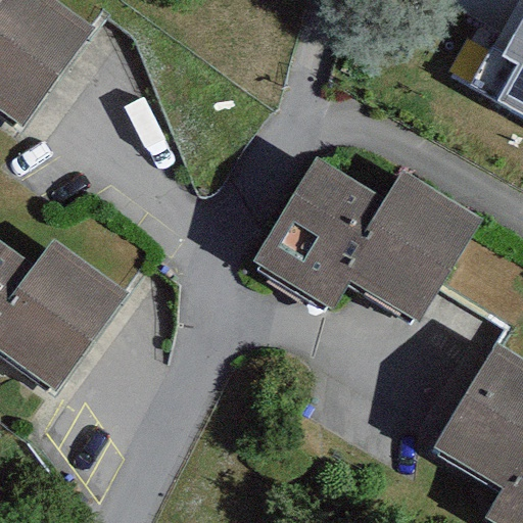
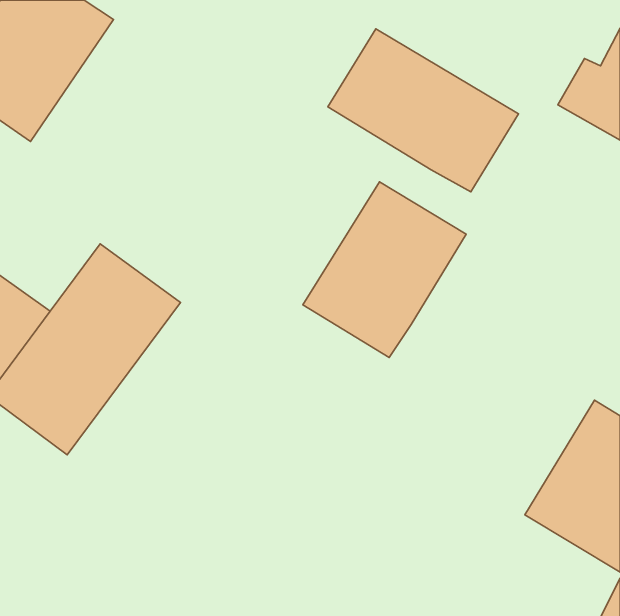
building: none -> [328,29,519,192]
building: [344,182,477,324] -> none

